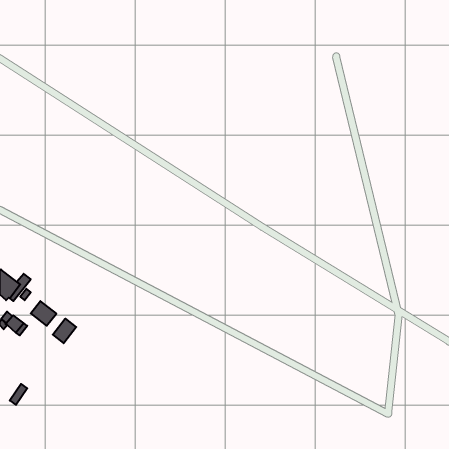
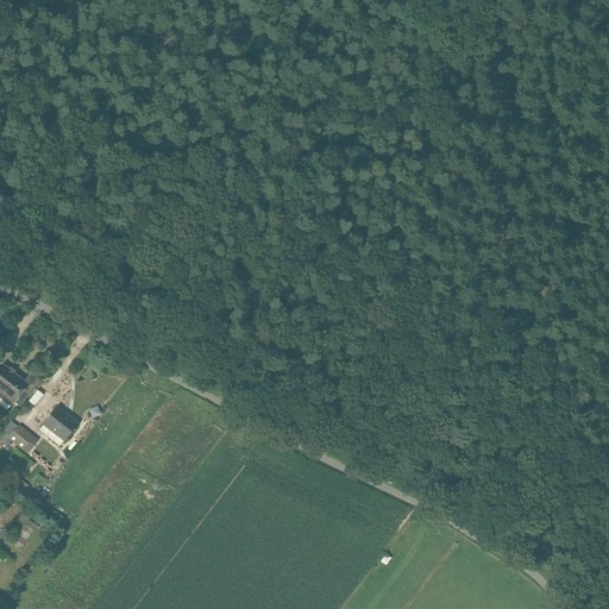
building: [53,319,76,343] -> none

